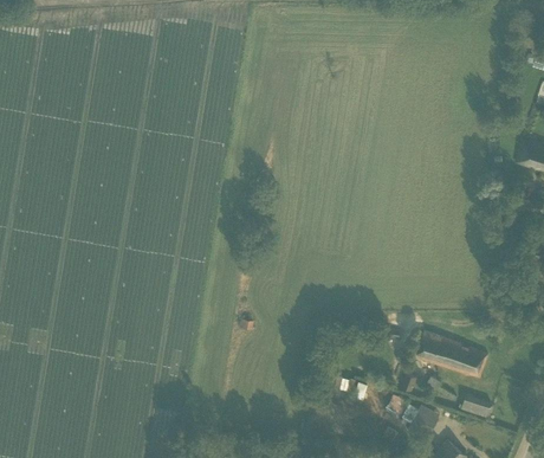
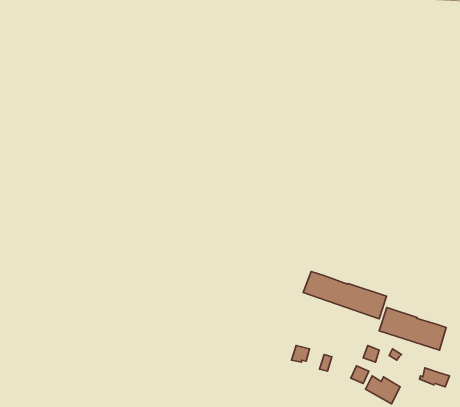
building: none -> [303,271,387,319]

